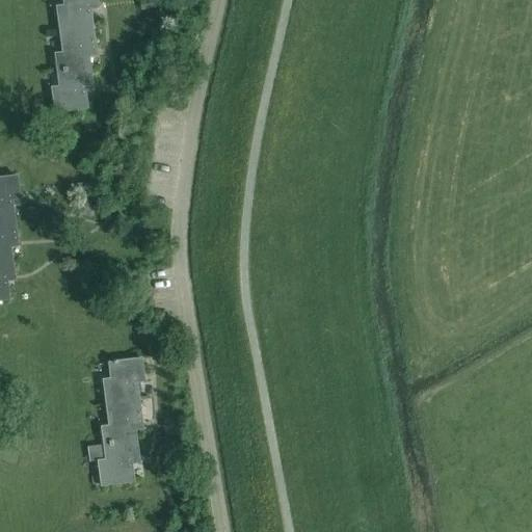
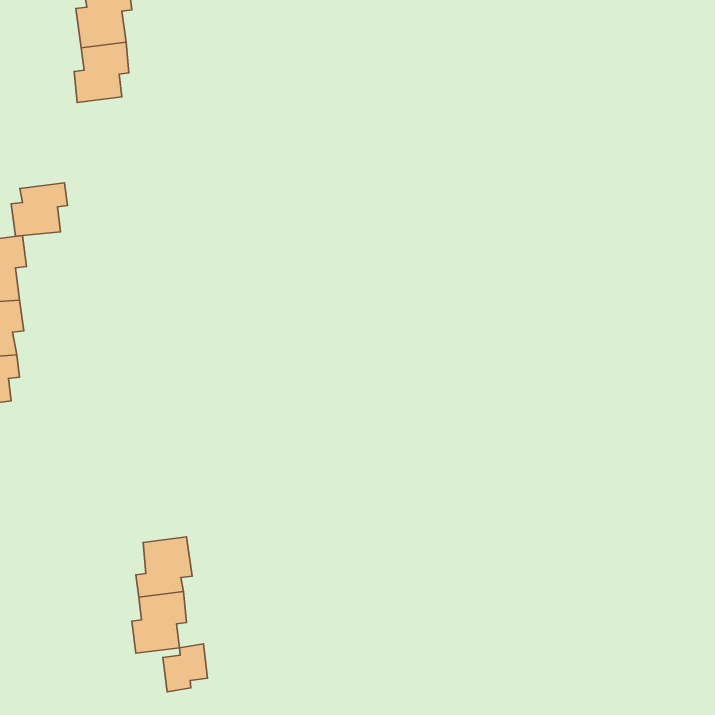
building: [51,72,92,111] -> [11,183,67,236]
building: [103,357,143,402] -> none
building: none -> [163,644,208,692]

